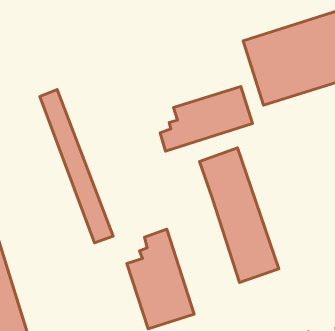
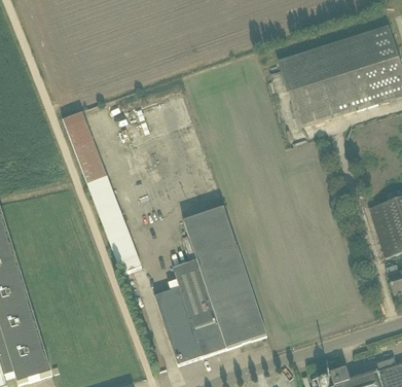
building: [160,87,253,151] -> none
building: [200,148,279,283] -> [183,206,266,348]

